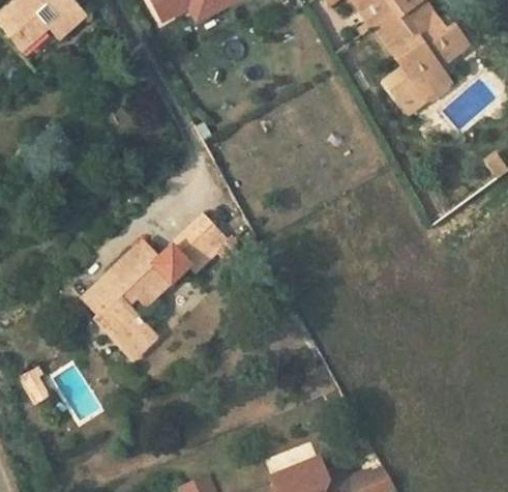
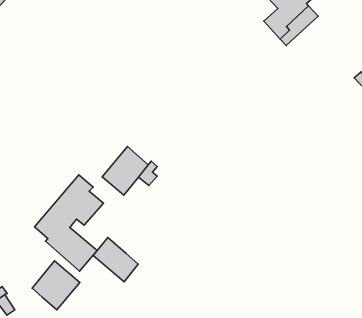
building: none -> [93,238,138,282]
building: none -> [32,261,80,310]

